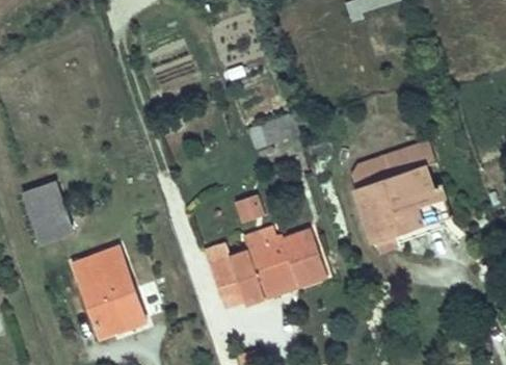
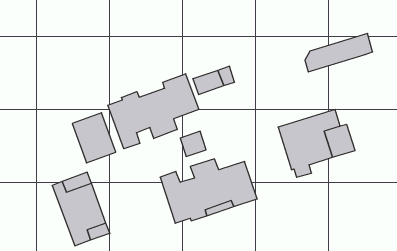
building: none -> [108,74,199,149]
building: [349,141,433,189] -> [305,33,373,72]
building: [18,181,72,243] -> [72,113,116,163]

